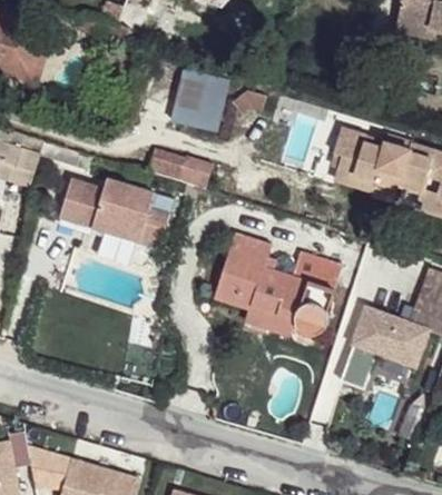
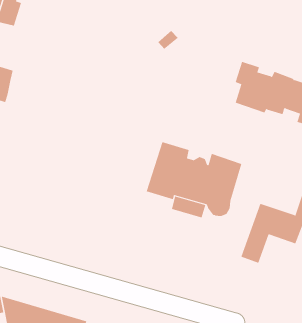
building: [171,67,228,129] -> none
building: [148,148,212,188] -> none
building: [57,176,167,244] -> none

